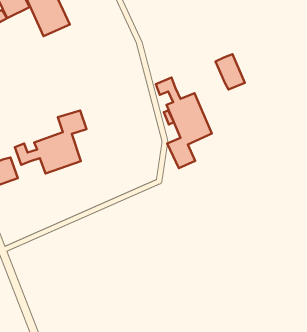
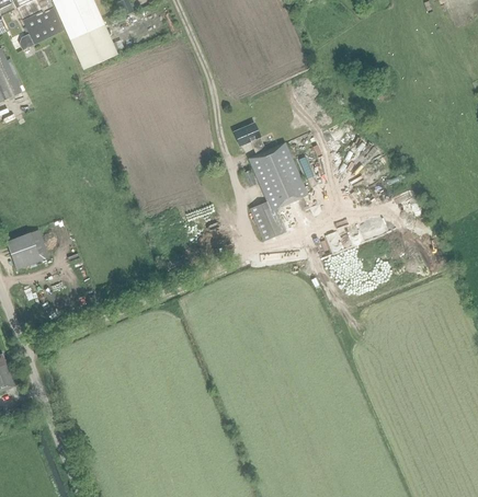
building: [216,54,245,90] -> none
building: [15,110,86,174] -> none

